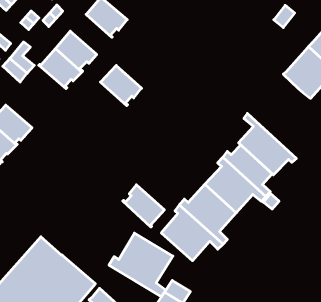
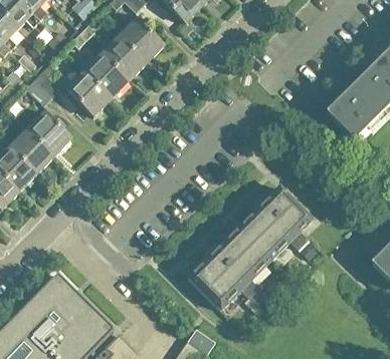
building: [100,65,142,106] -> [101,33,145,77]
building: none -> [26,107,71,152]
building: [239,113,296,175] -> none
building: [123,185,164,227] -> none
building: [109,233,173,297] -> none

